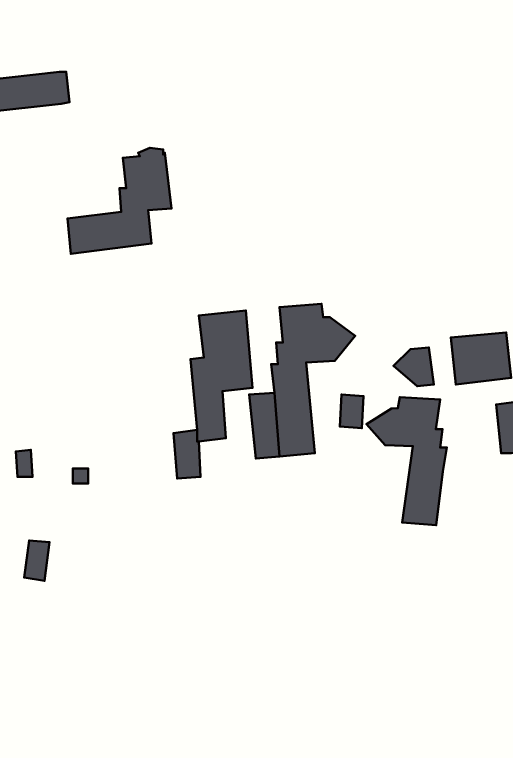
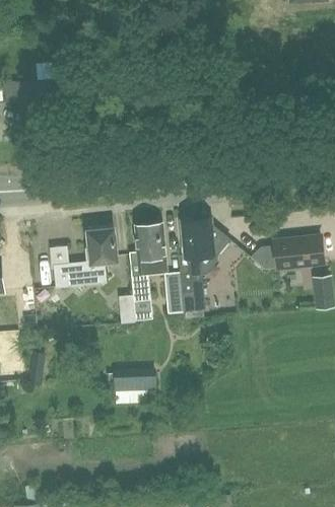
building: [67,148,172,254] -> [54,224,117,288]
building: [367,397,447,525] -> none
building: none -> [115,371,153,393]

